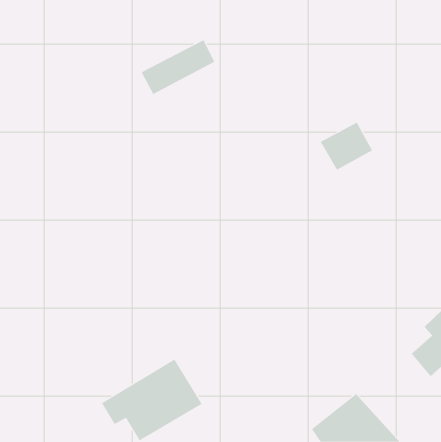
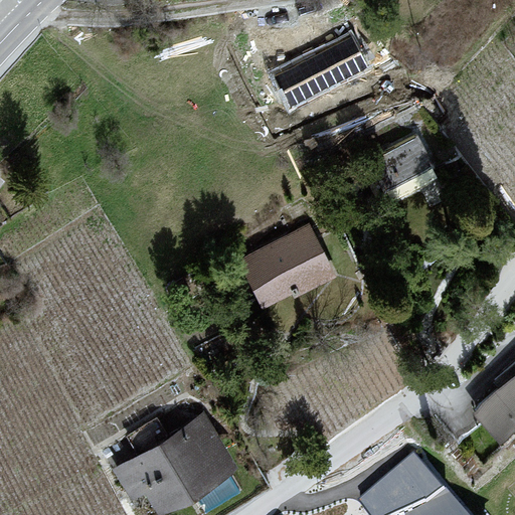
building: [141,39,215,95] -> [280,40,366,105]
building: none -> [242,228,331,305]

